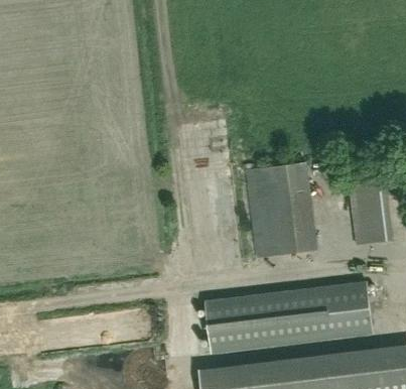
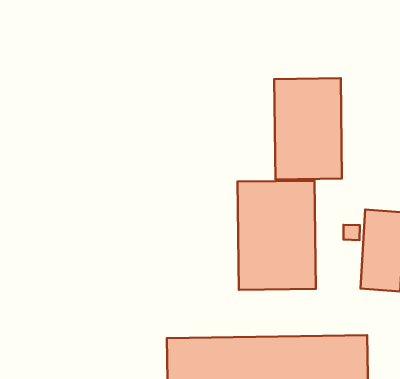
building: none -> [274,78,342,179]

